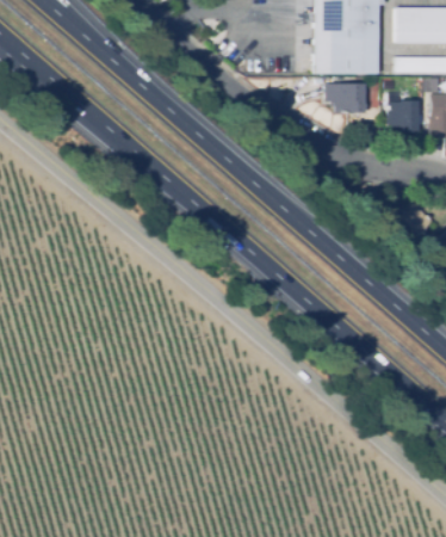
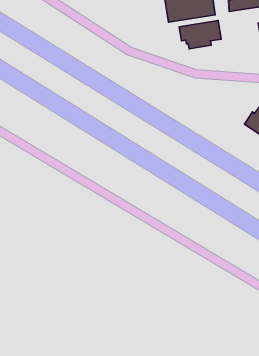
building: [389,99,420,131] -> none

